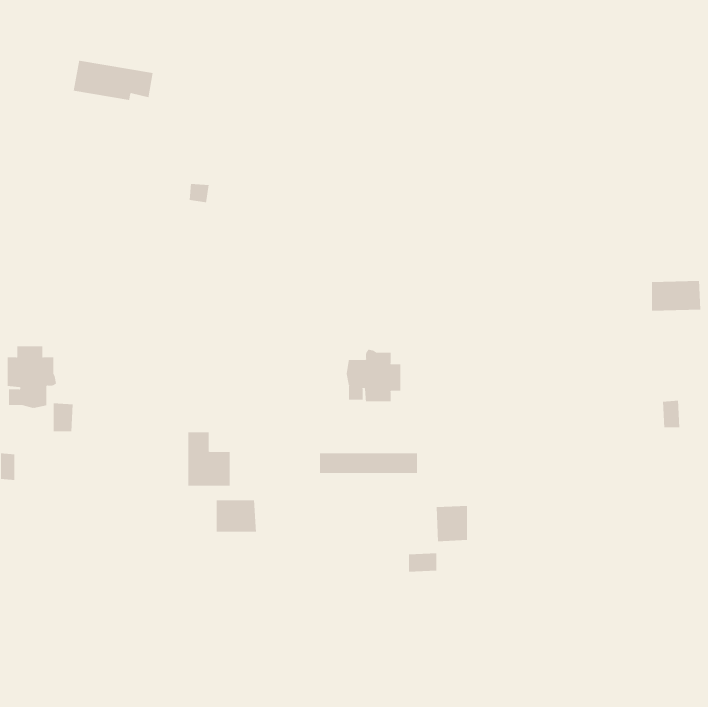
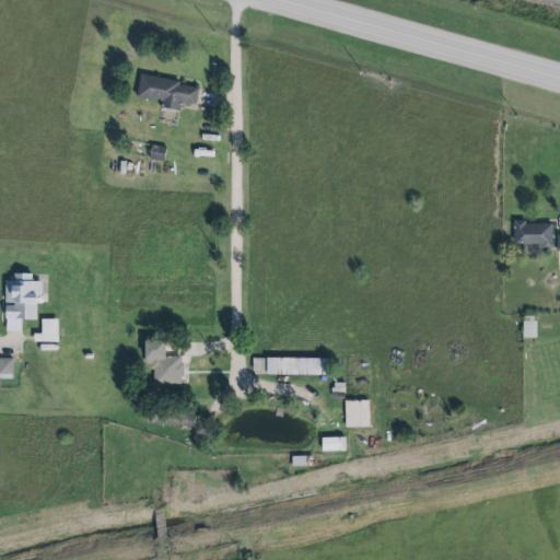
building: [73,60,153,101] -> [136,74,199,106]
building: [346,349,401,402] -> none
building: [216,500,256,532] -> none

